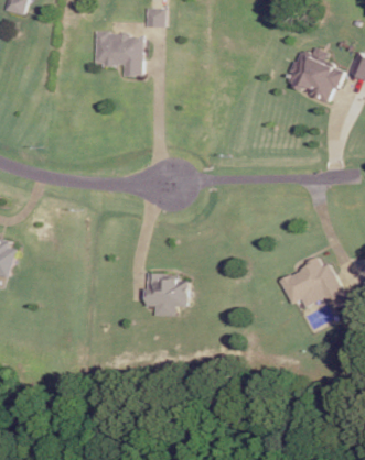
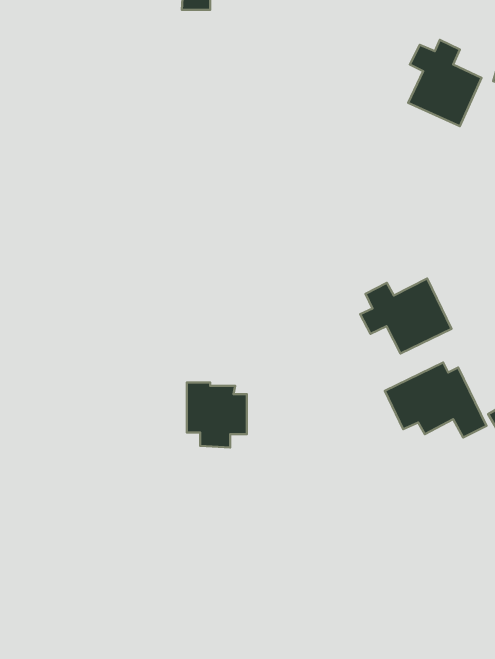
building: [93,32,141,76] -> none
building: none -> [360,279,452,354]

